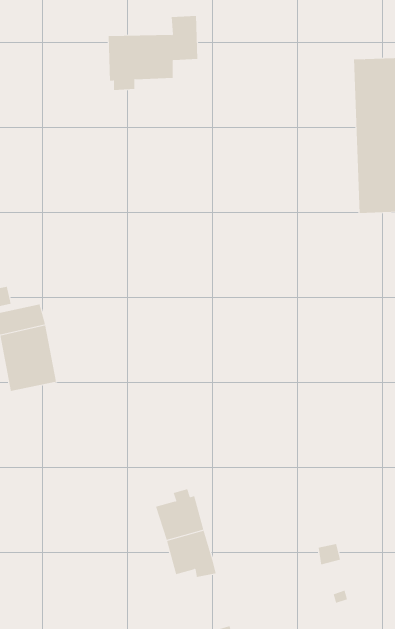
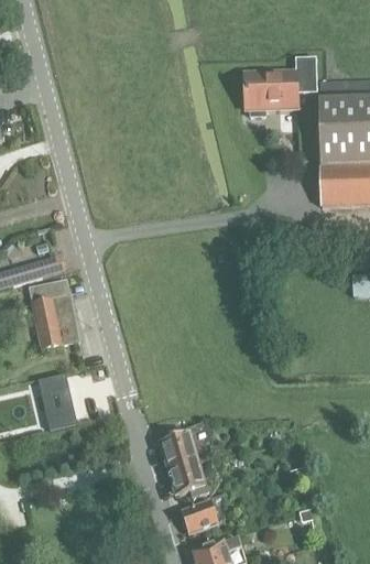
building: [108,15,198,91] -> [243,56,316,117]
building: none -> [41,388,76,431]
building: none -> [181,501,219,535]

